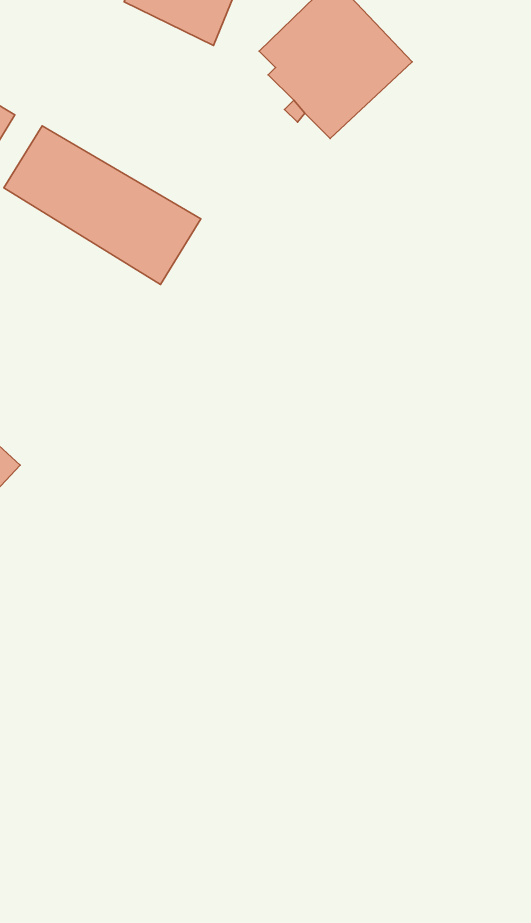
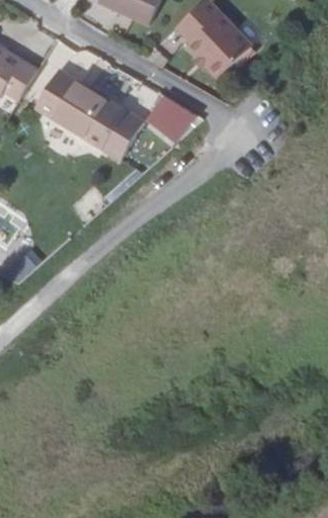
building: none -> [144,94,194,144]

